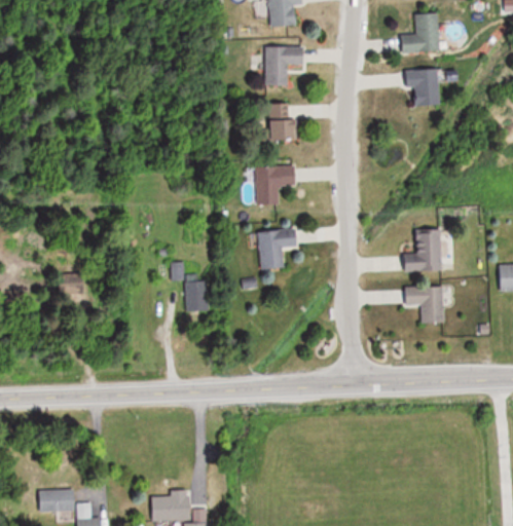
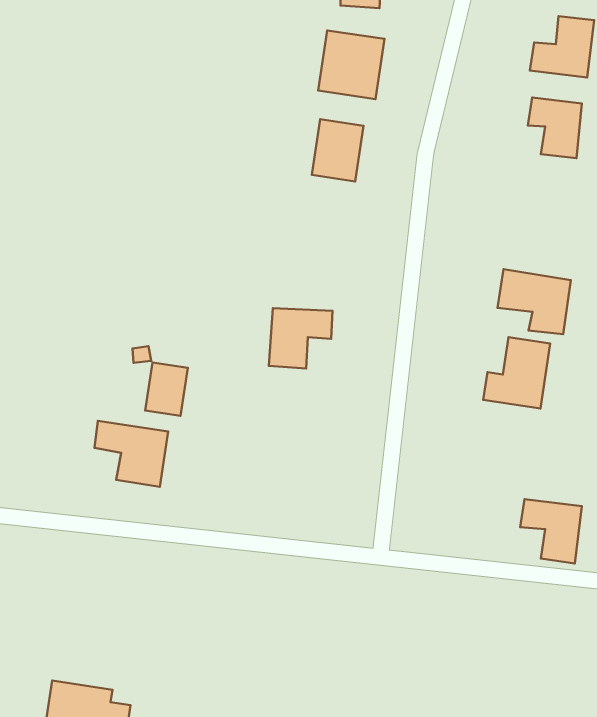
building: [256,166,295,204] -> none
building: none -> [498,269,571,334]
building: [405,286,444,324] -> [520,499,582,564]
building: none -> [95,421,168,487]

